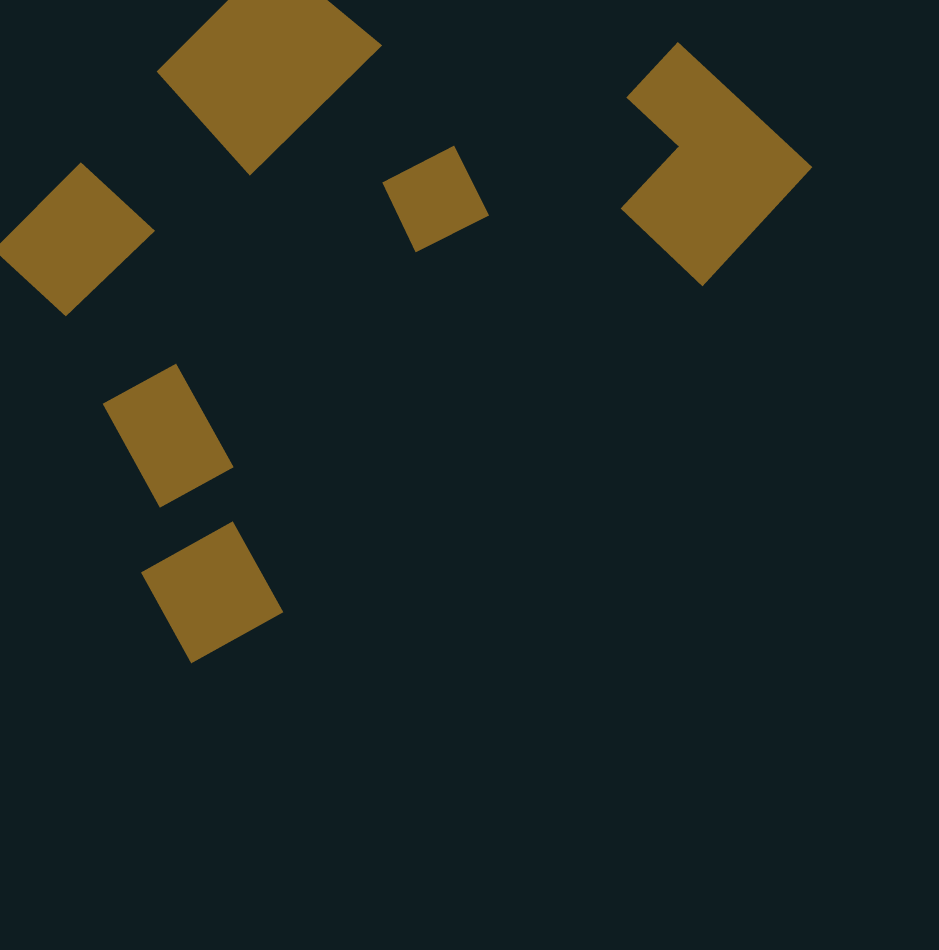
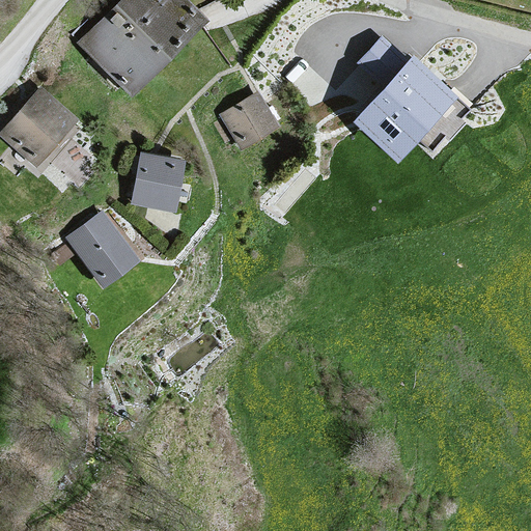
building: none -> [133,151,205,218]
building: [140,520,284,664] -> none

